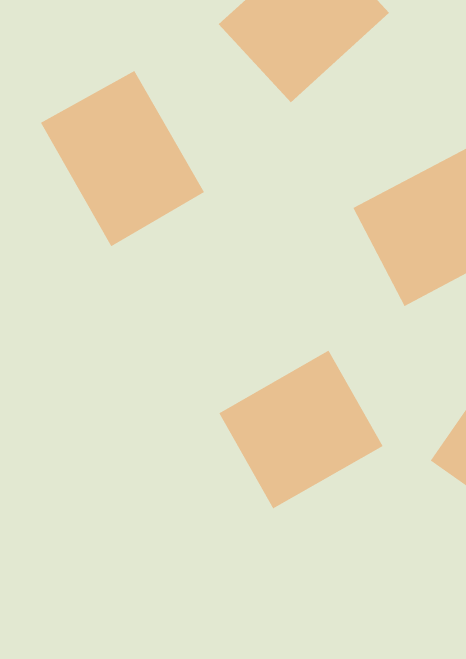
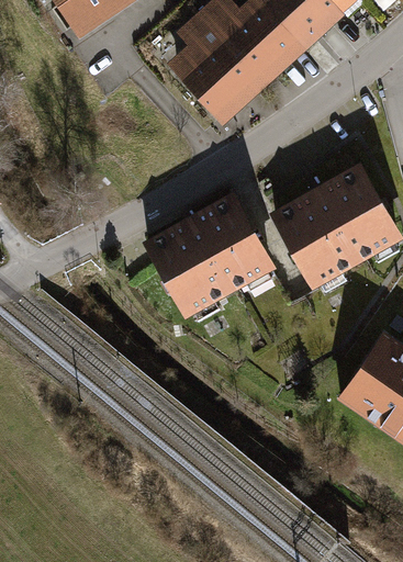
building: [40,70,205,247] -> none
building: [219,350,383,509] -> [146,195,272,317]

